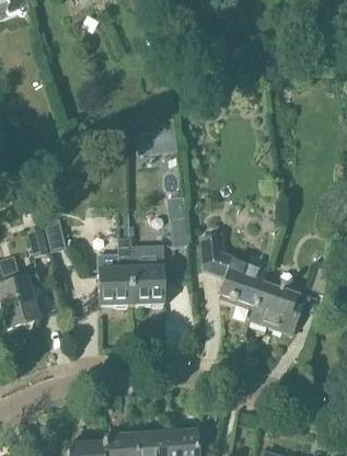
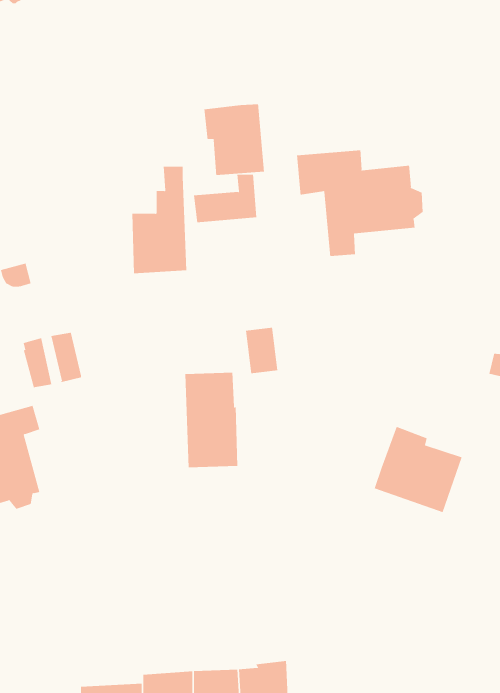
building: none -> [204,103,264,176]
building: none -> [296,149,423,257]
building: [200,236,267,306] -> none
building: [97,240,132,308] -> [132,166,187,274]

